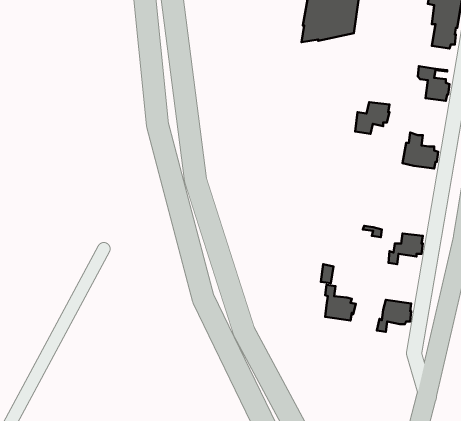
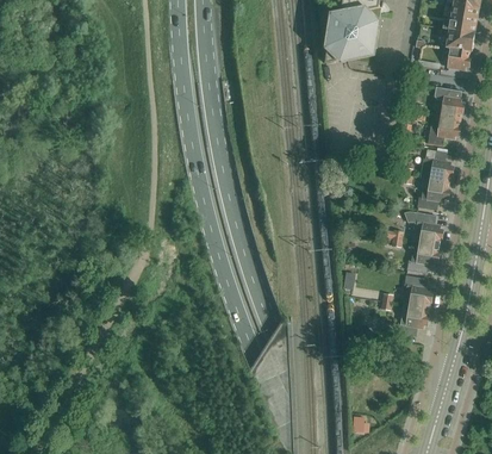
building: [355,102,390,134] -> [428,116,460,145]
building: none -> [417,179,449,207]
building: none -> [404,211,442,244]
building: [325,285,356,321] -> [404,274,432,307]

